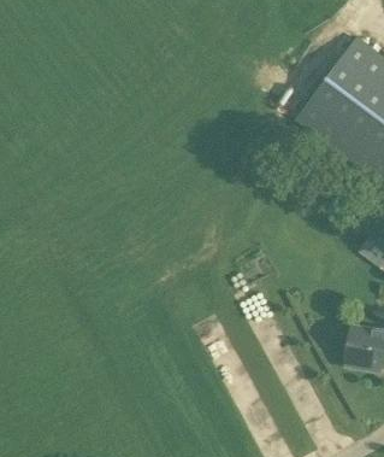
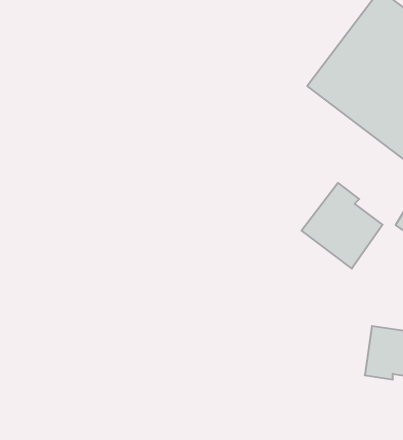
building: none -> [302,183,383,269]

